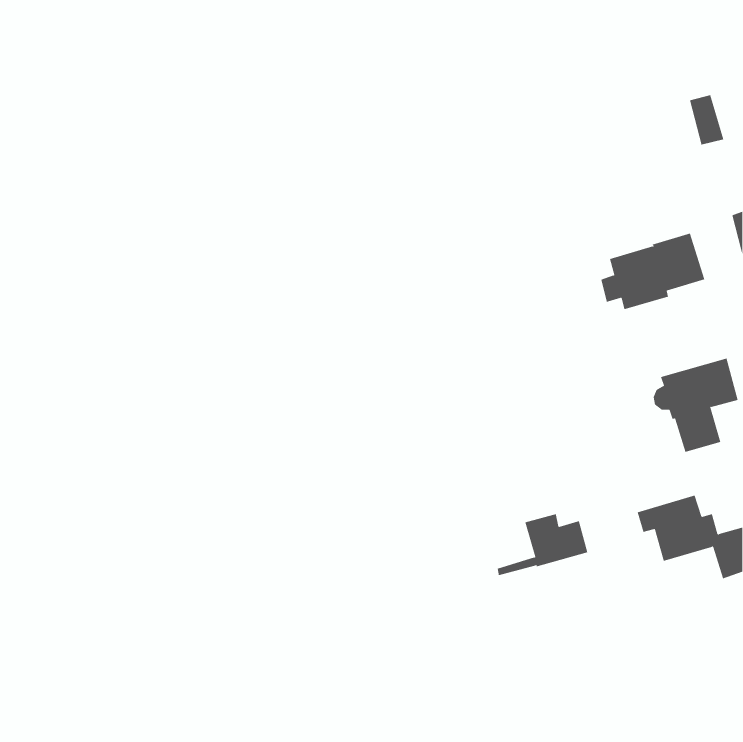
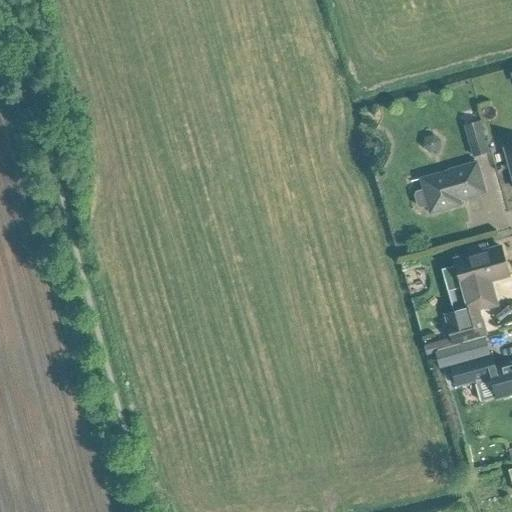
building: [689,94,724,145] -> [464,122,488,157]
building: [497,513,588,576] -> [424,308,487,351]

